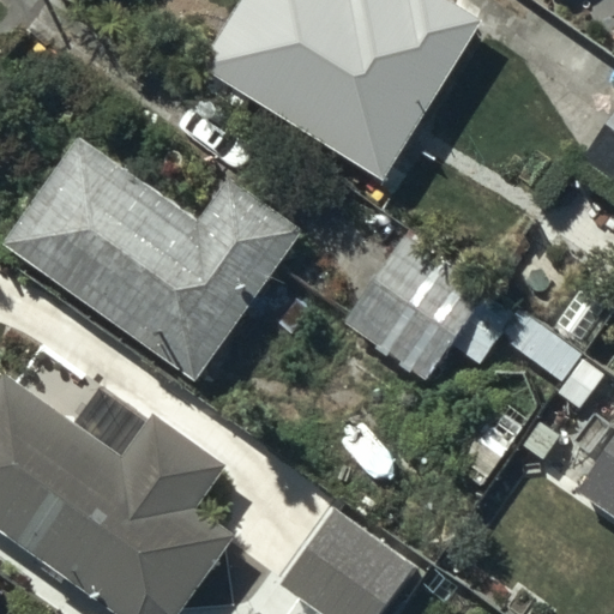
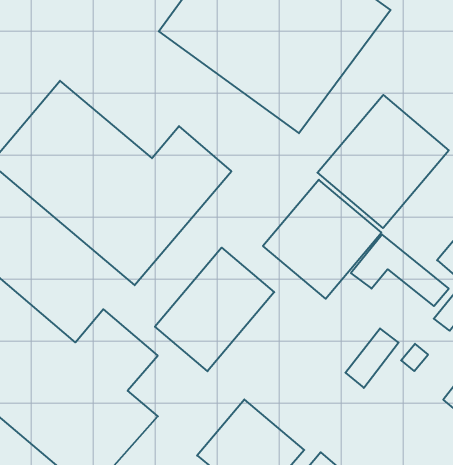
building: none -> [317,95,449,228]
building: none -> [155,248,274,371]

